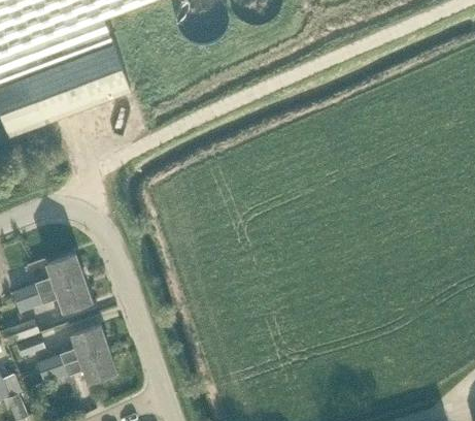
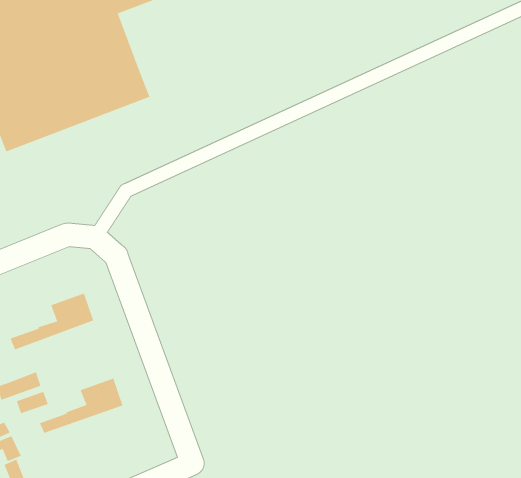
building: [14,277,90,311] -> none
building: [39,348,114,382] -> none

